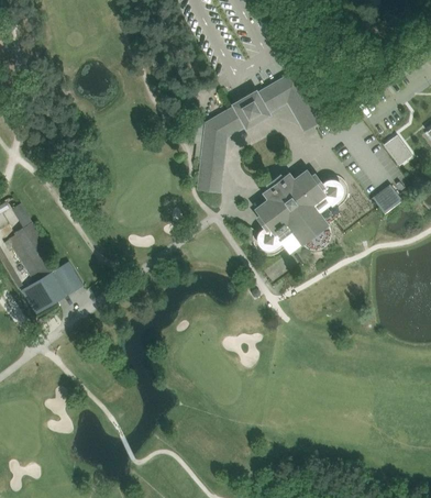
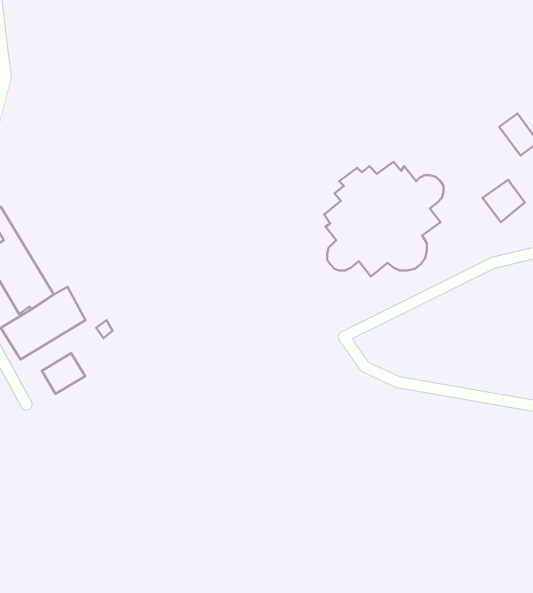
building: [197,70,322,191] -> none
building: none -> [42,353,85,394]

